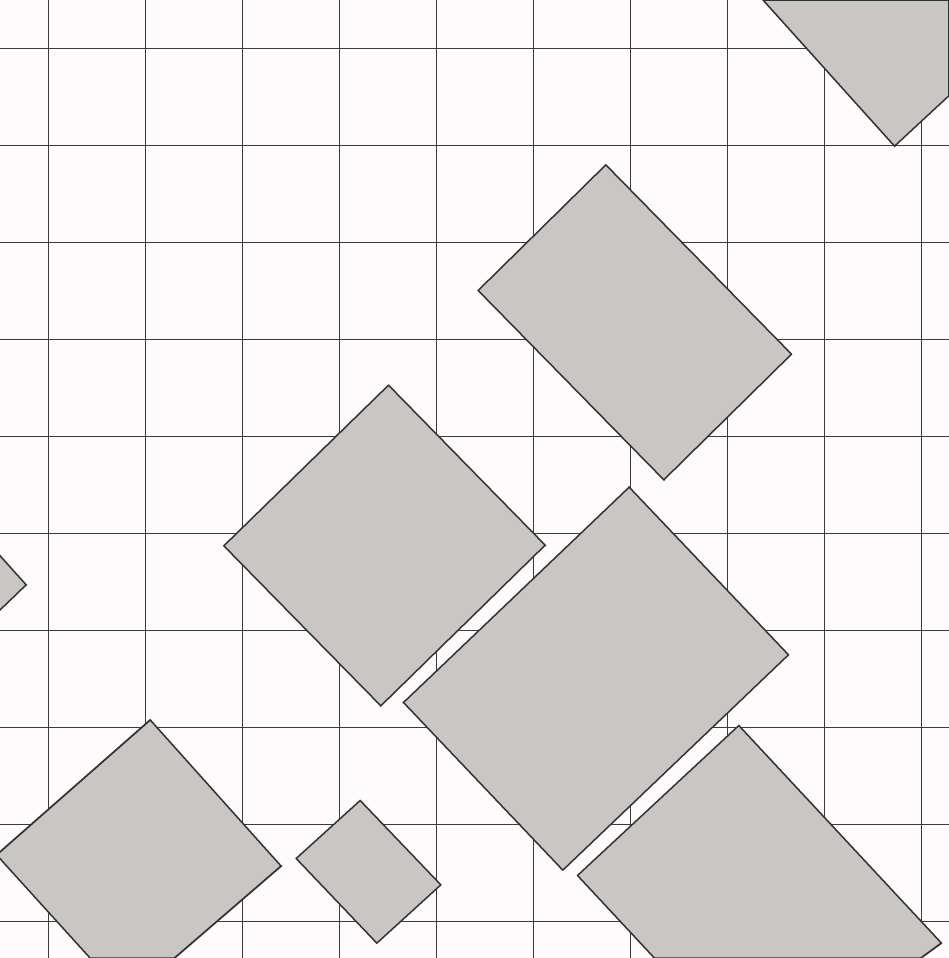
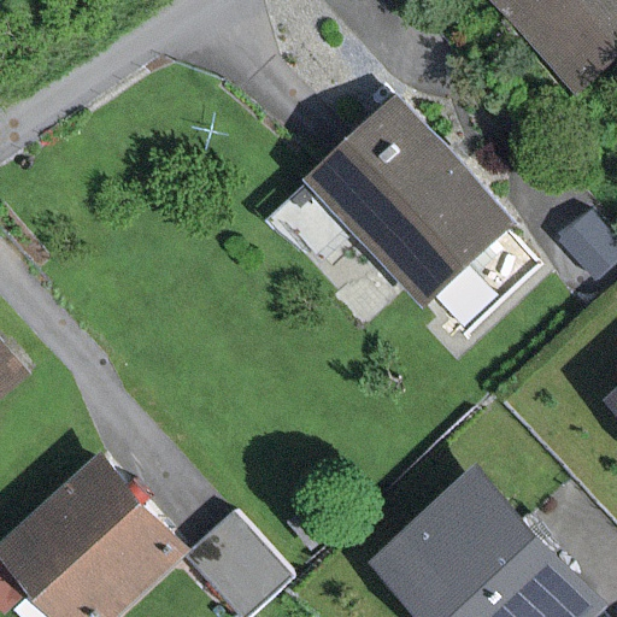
building: [224,385,545,706] -> none
building: [403,487,788,870] -> none

